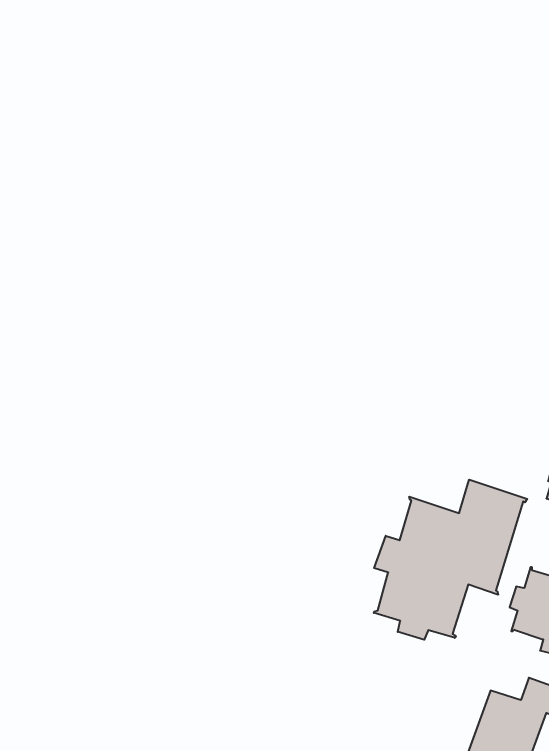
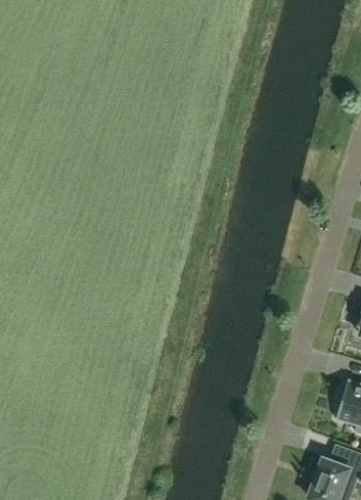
building: [374,480,527,640] -> none

